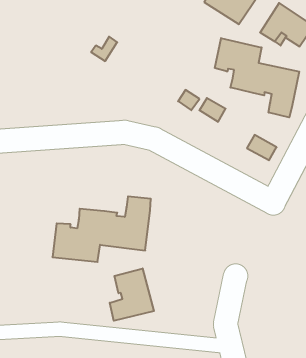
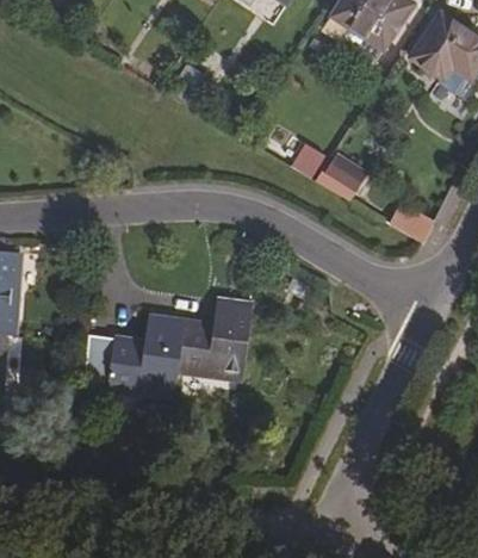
building: [215,38,299,117] -> none
building: [110,268,154,321] -> none

